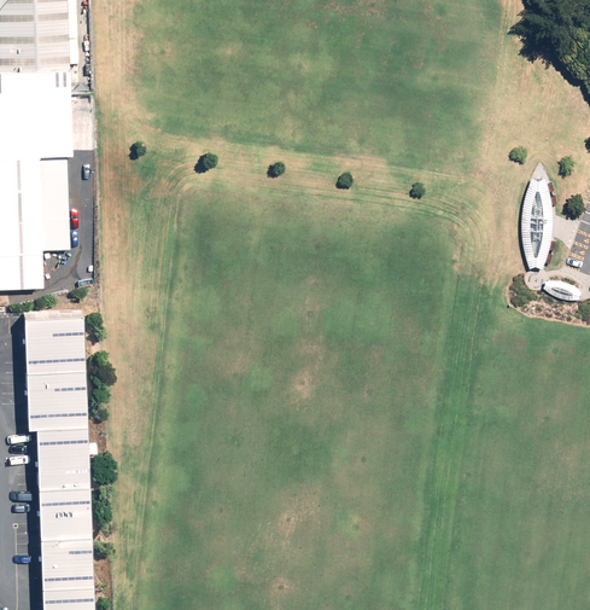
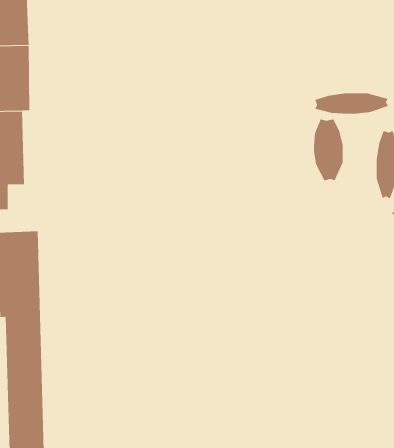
building: none -> [314,92,389,114]
building: none -> [313,118,343,181]

